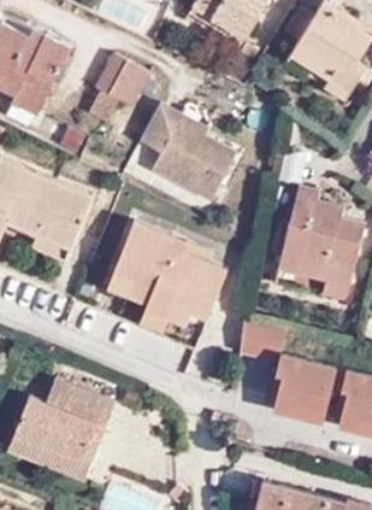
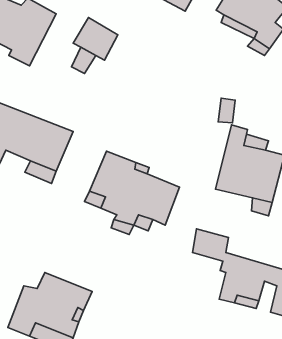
building: [135,110,234,206] -> none

